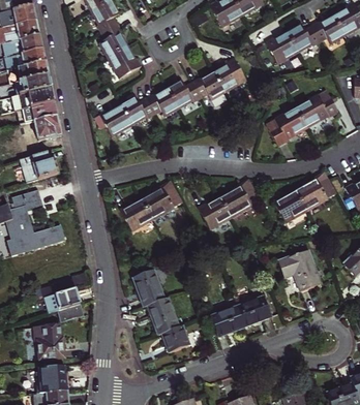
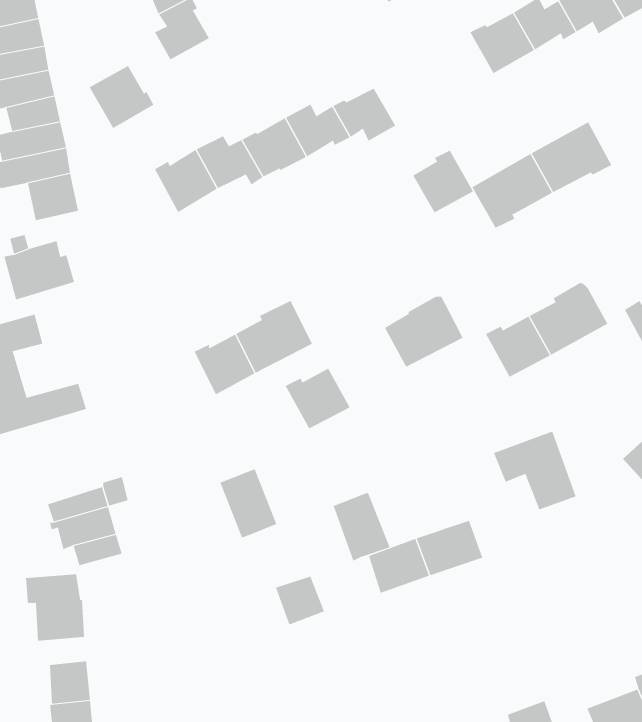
building: [108,44,142,77] -> [89,65,154,129]
building: [214,57,246,90] -> [412,150,474,213]
building: [197,195,231,227] -> [285,368,350,429]
building: [148,297,178,333] -> [333,492,390,561]

